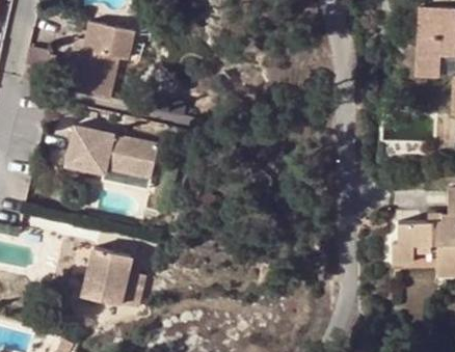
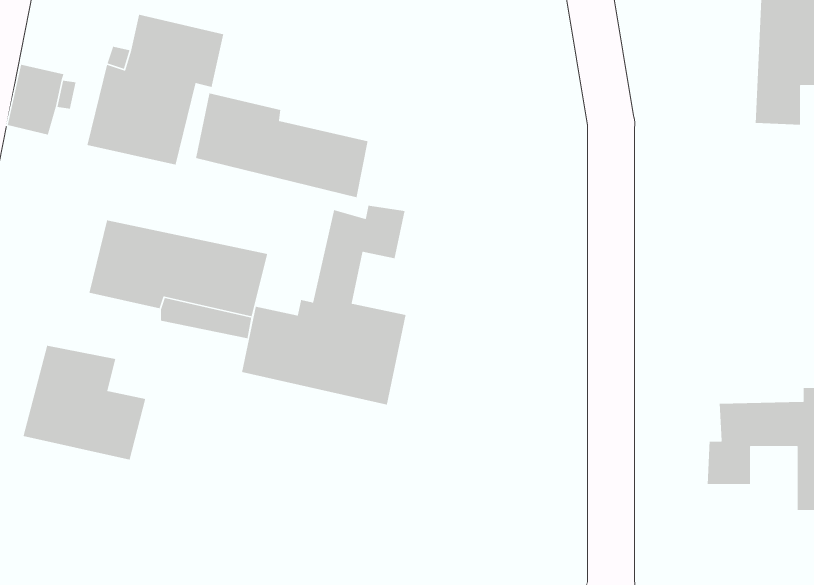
building: none -> [195,93,368,198]
building: none -> [241,205,407,405]
building: [84,246,149,306] -> [22,345,146,460]

